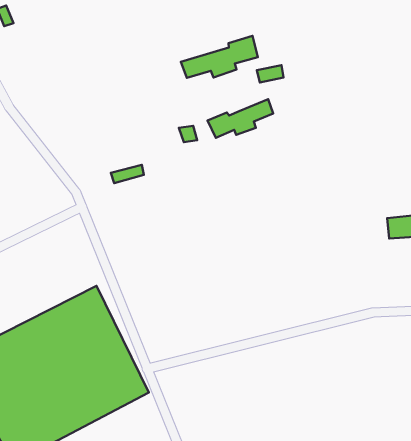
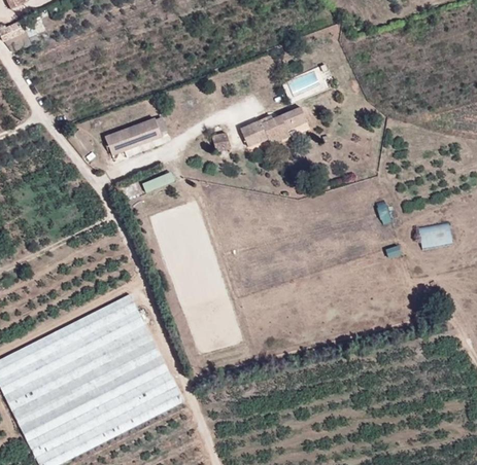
building: [181,36,258,78] -> none
building: none -> [105,118,161,154]

